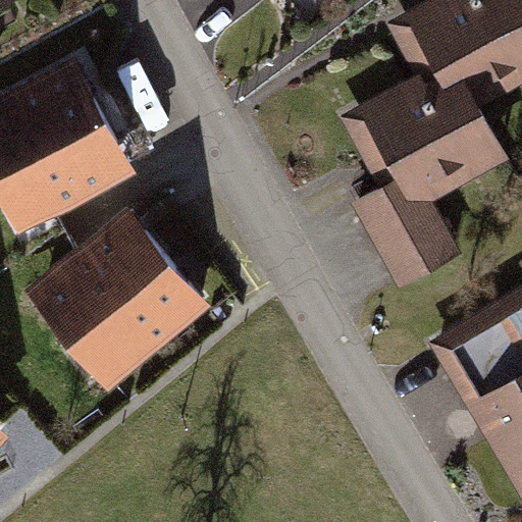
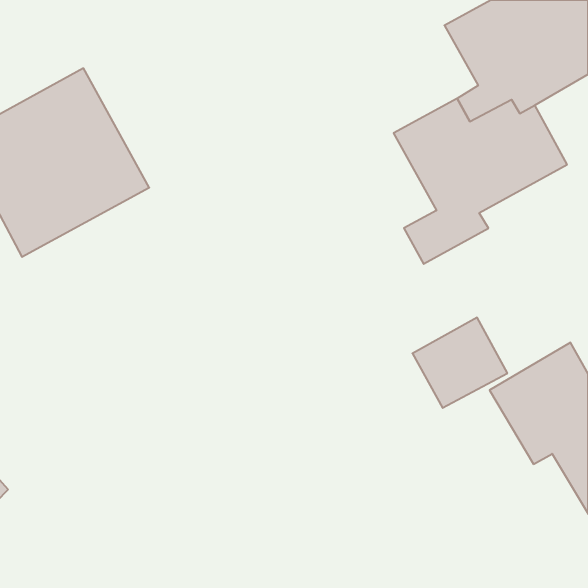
building: [373,204,457,283] -> [412,318,507,408]
building: [33,213,208,386] -> none

